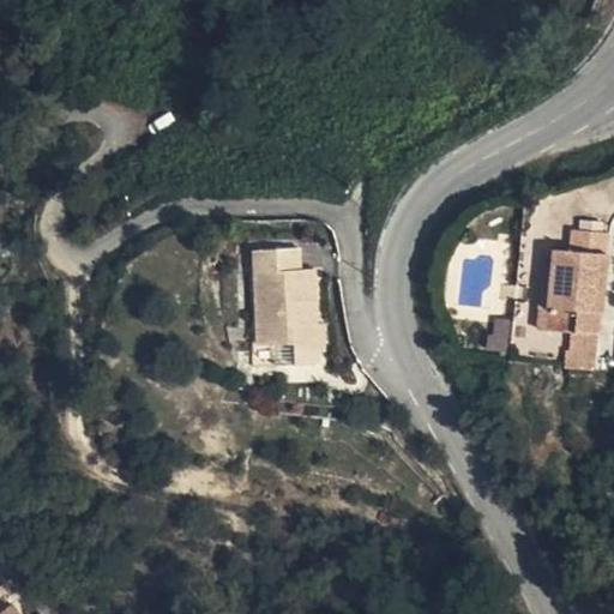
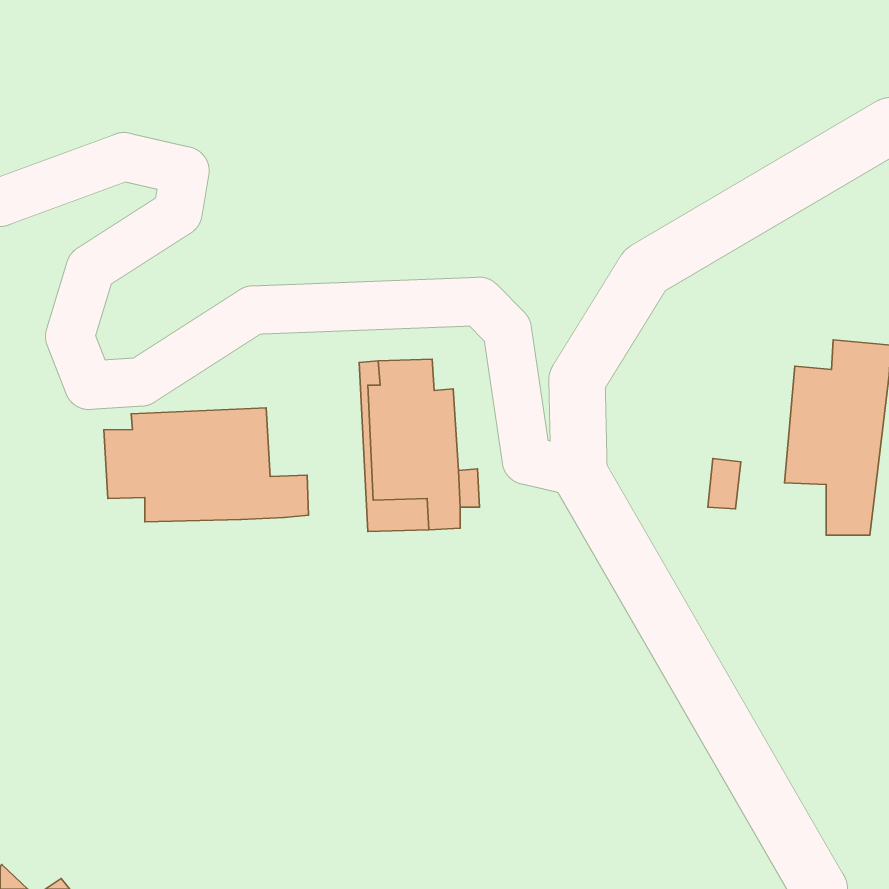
building: none -> [104,408,309,522]

